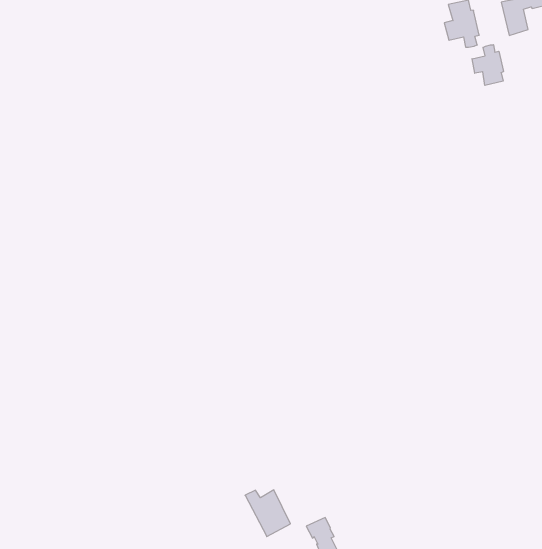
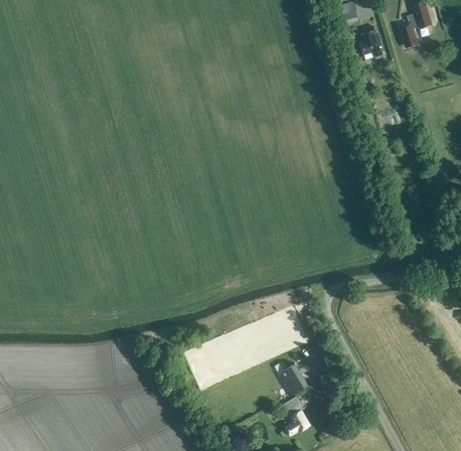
building: [472,45,503,85] -> none
building: [245,490,290,537] -> [276,362,309,396]

